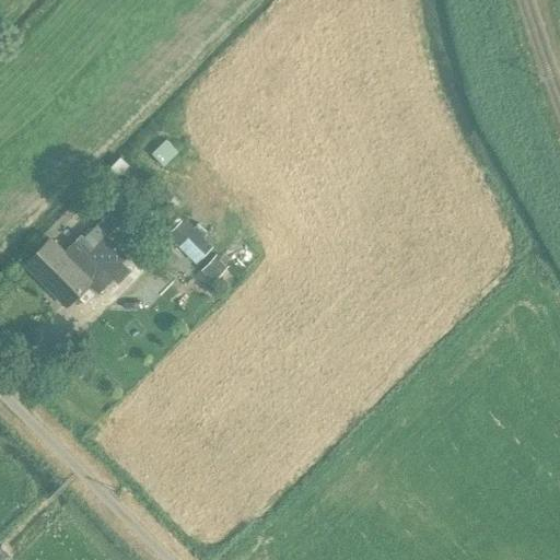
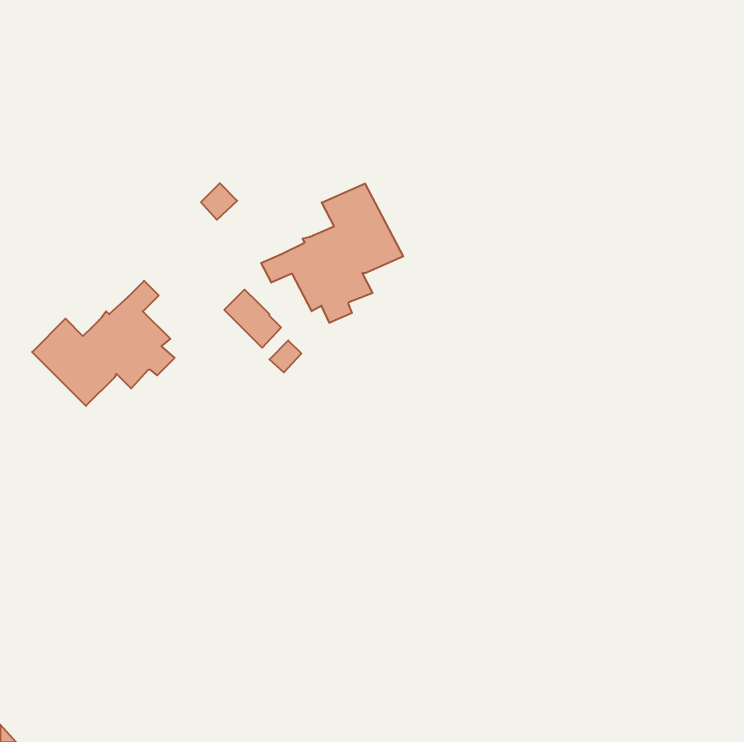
building: none -> [261,183,403,323]

